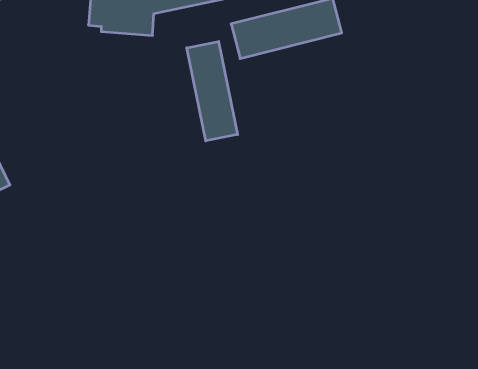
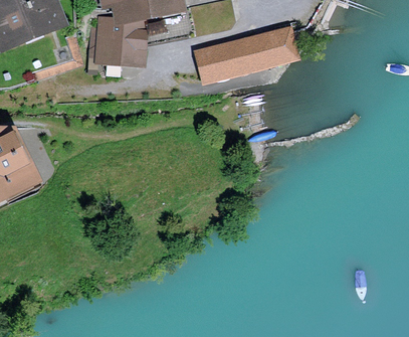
building: [187,41,238,141] -> none

